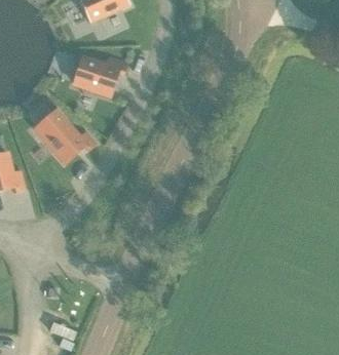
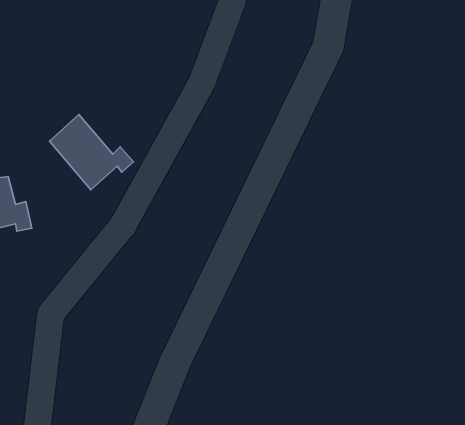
building: [74,55,126,94] -> none

